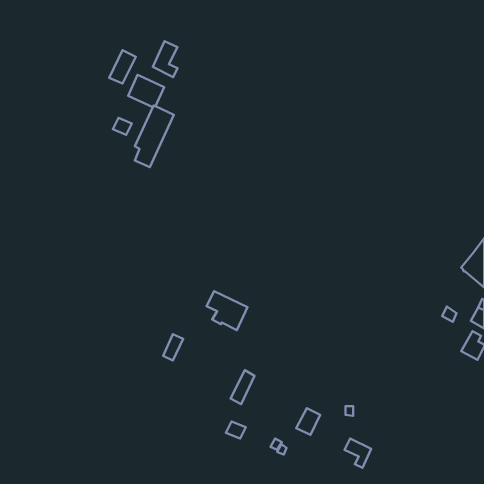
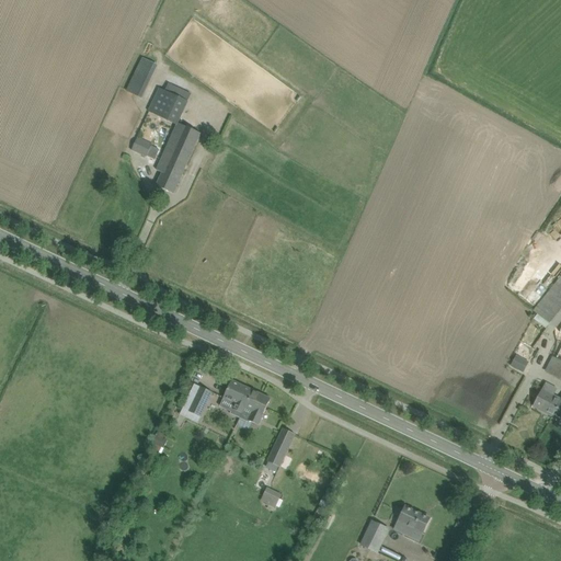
building: [153,41,178,77] -> none
building: [207,291,247,330] -> [222,379,270,424]
building: [296,408,320,435] -> [359,520,387,551]

